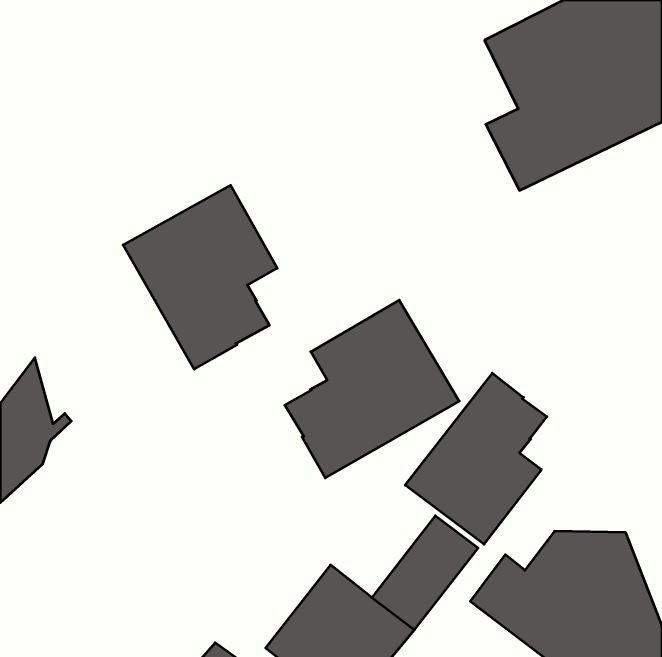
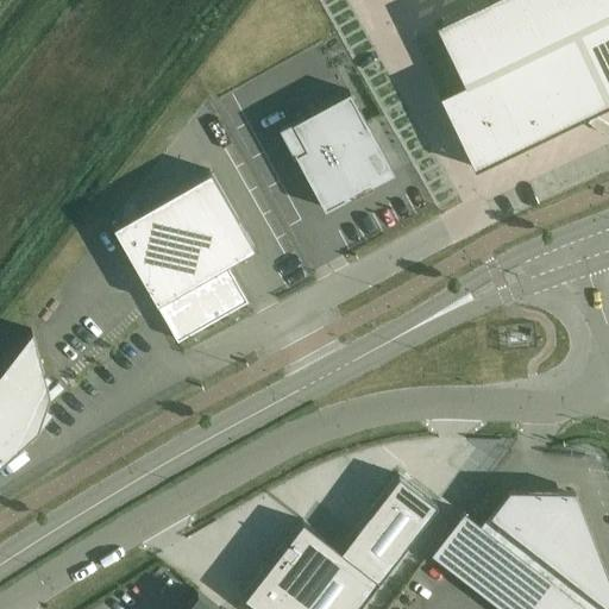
building: none -> [281,94,379,213]
building: [285,300,459,478] -> none
building: [405,373,547,544] -> none

